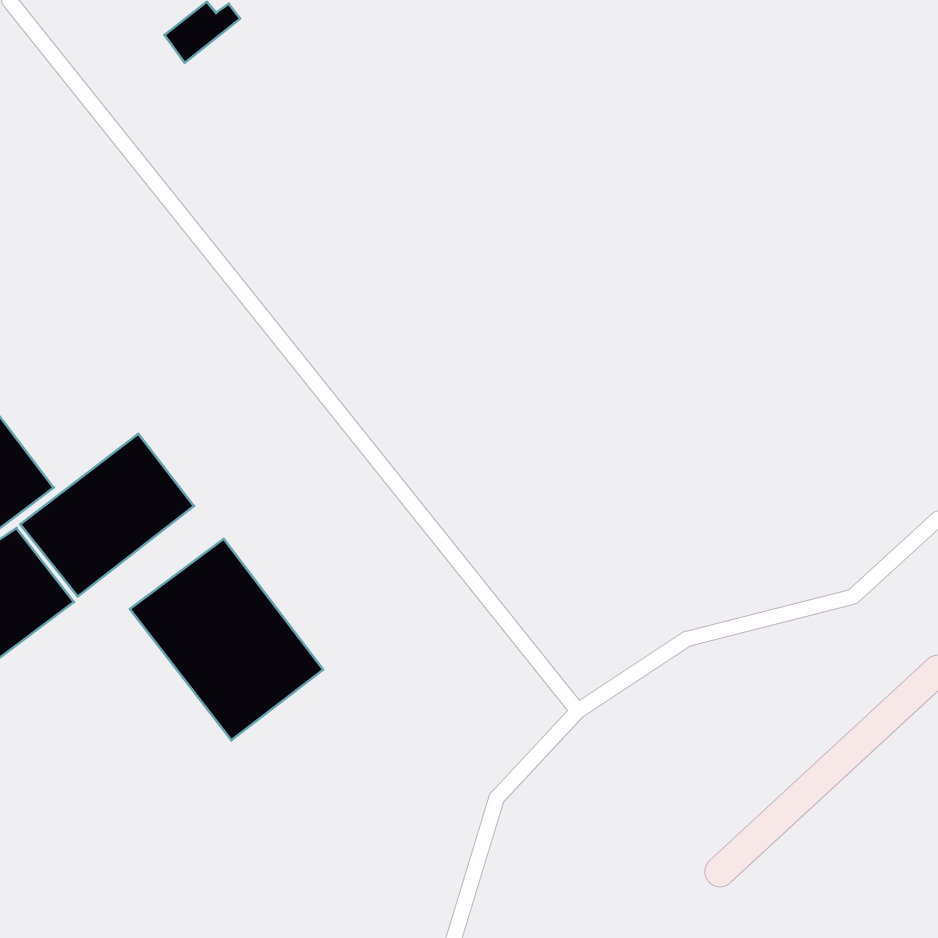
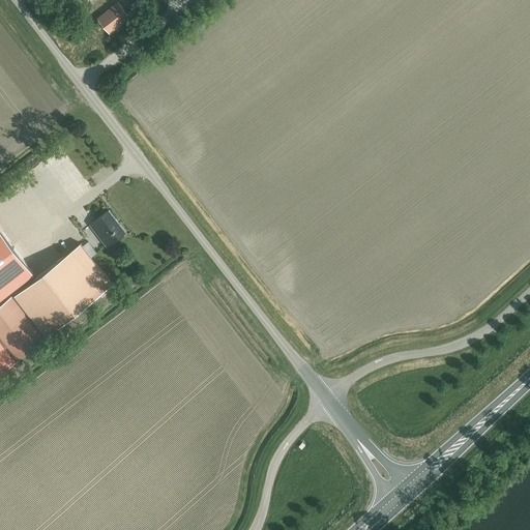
building: none -> [91,213,122,246]
building: [130,539,323,740] -> none

